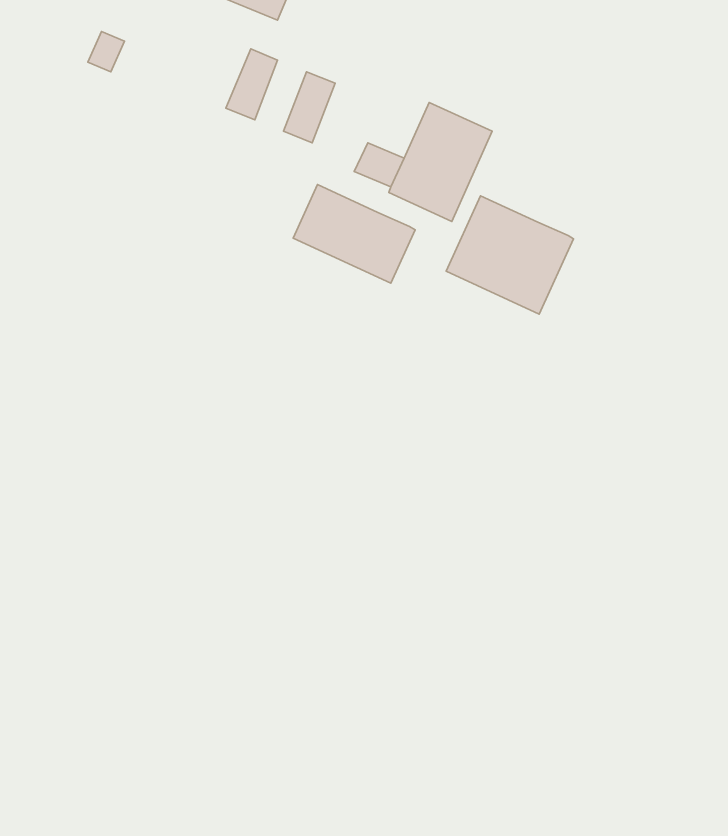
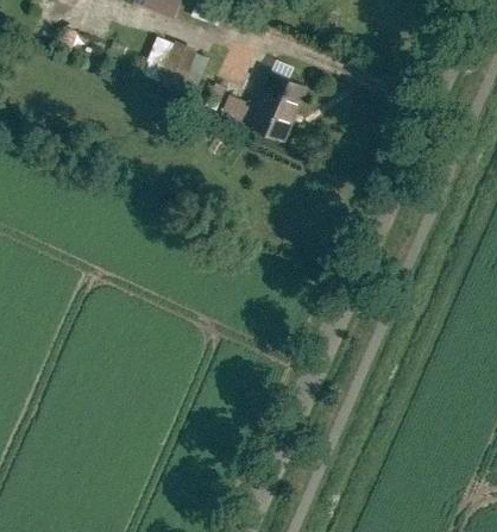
building: [293,185,415,283] -> none
building: [446,196,574,314] -> none

